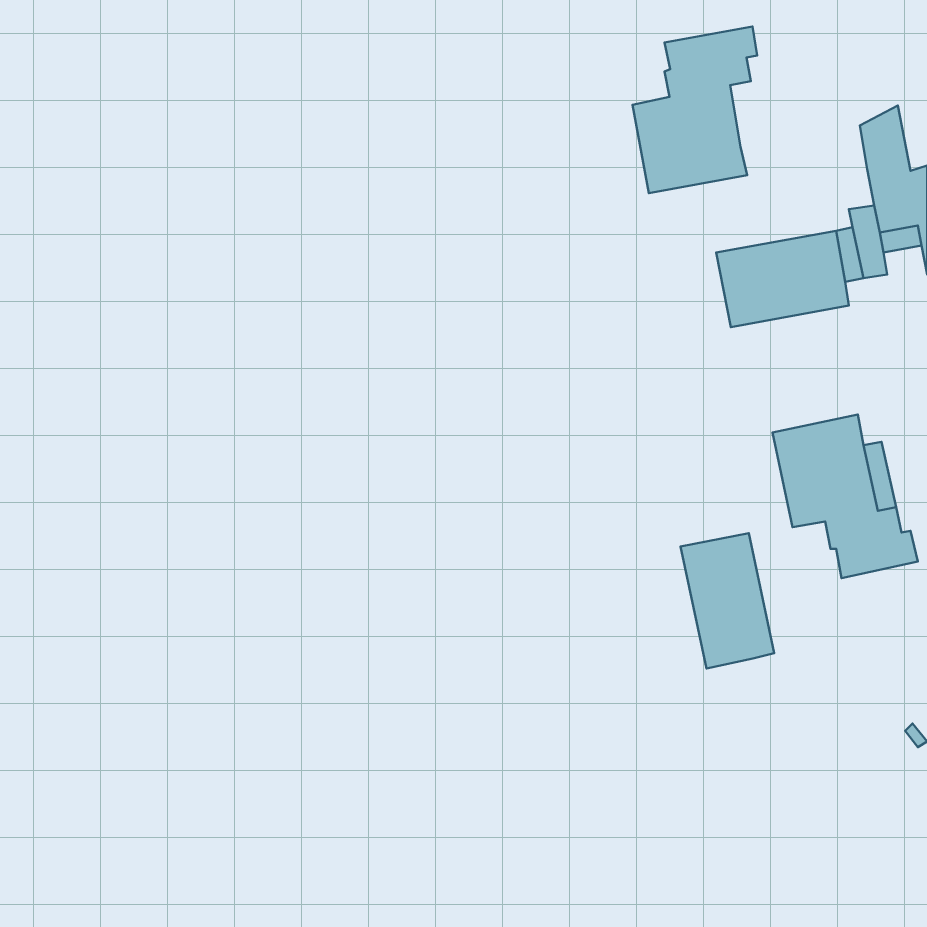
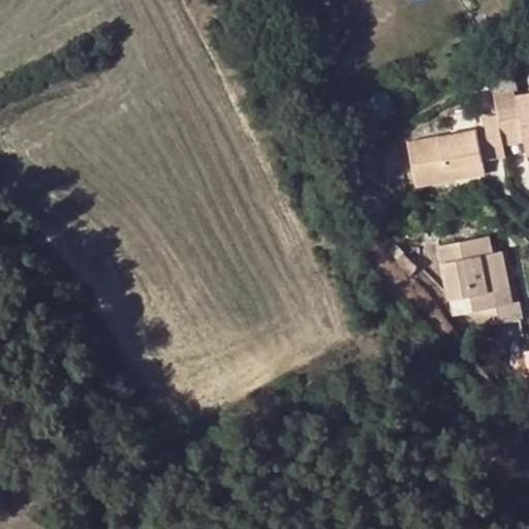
building: [632,26,757,193] -> none
building: [681,533,774,668] -> none

